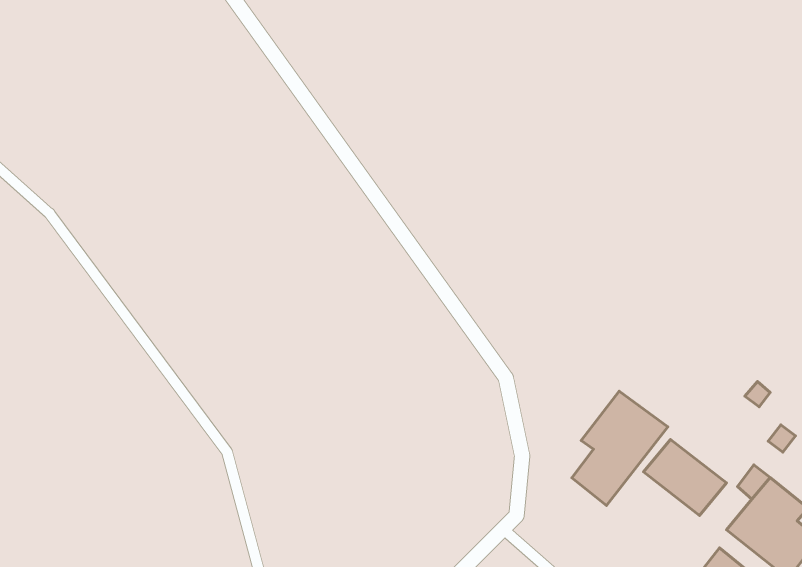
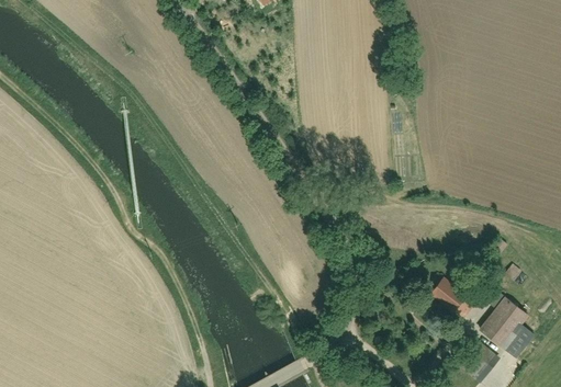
building: [572,391,668,506] -> none

